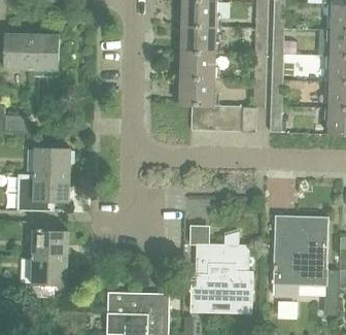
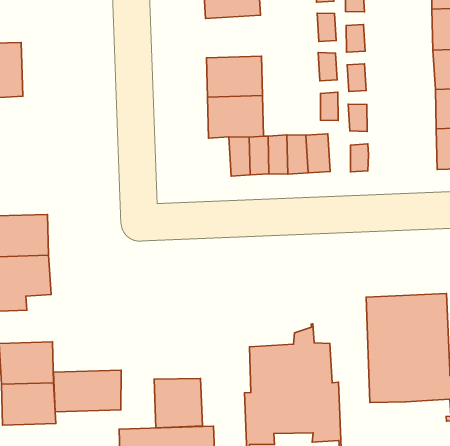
building: [179,27,216,54] -> none
building: none -> [53,370,121,412]
building: none -> [154,378,202,428]

